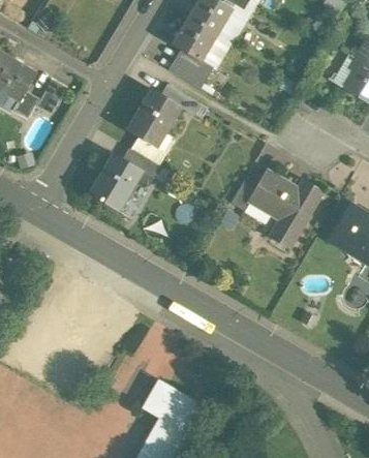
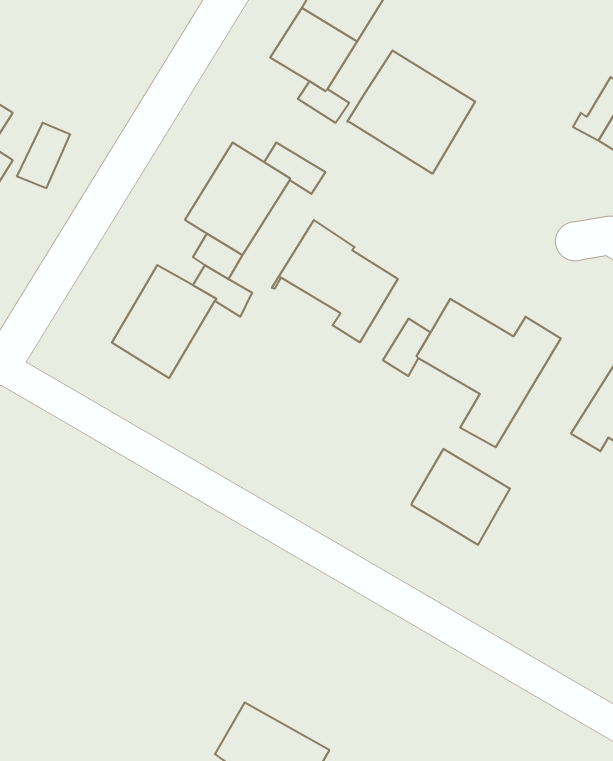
building: none -> [347,50,475,174]
building: none -> [272,220,398,342]
building: none -> [412,449,510,545]

